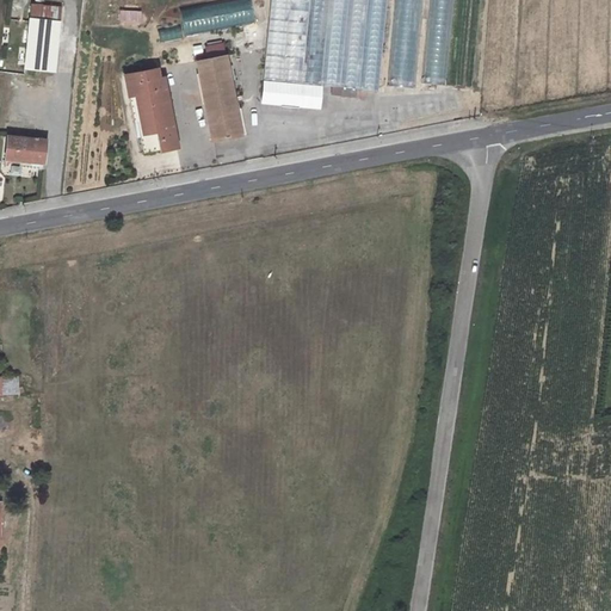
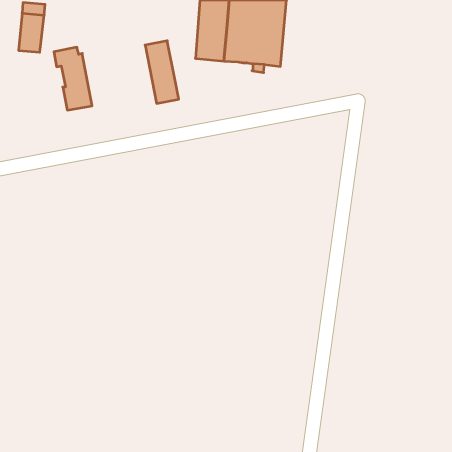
building: [125,68,177,153] -> [54,47,92,110]
building: [263,79,321,106] -> none
building: [5,136,45,165] -> none

